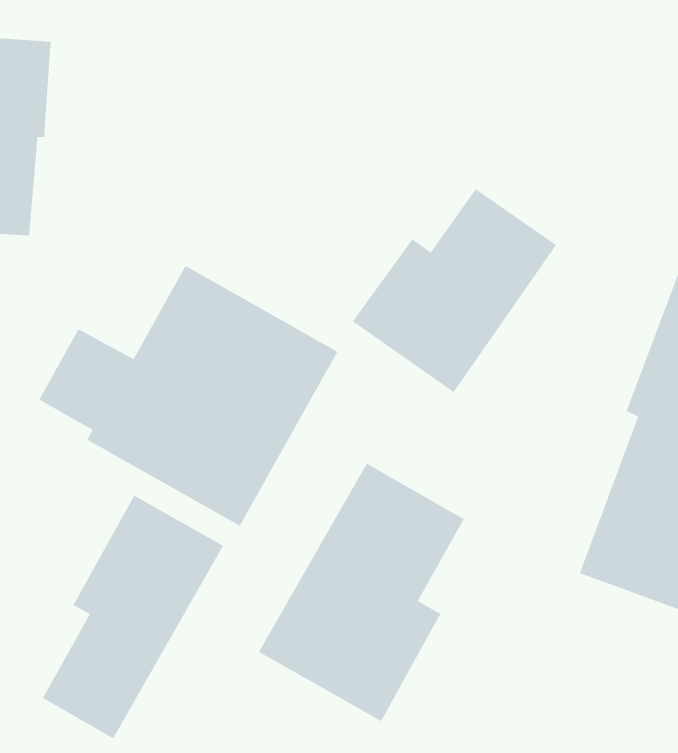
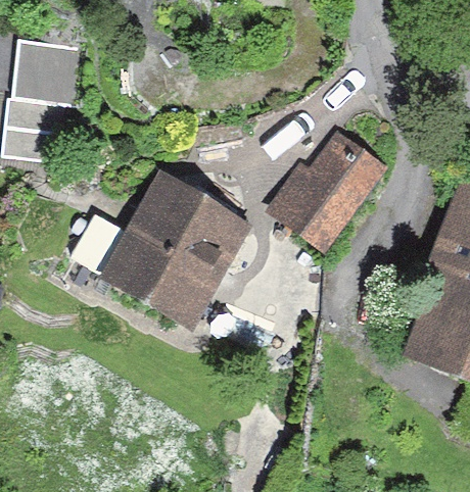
building: [258,462,465,722] -> none
building: [42,494,224,740] -> none

